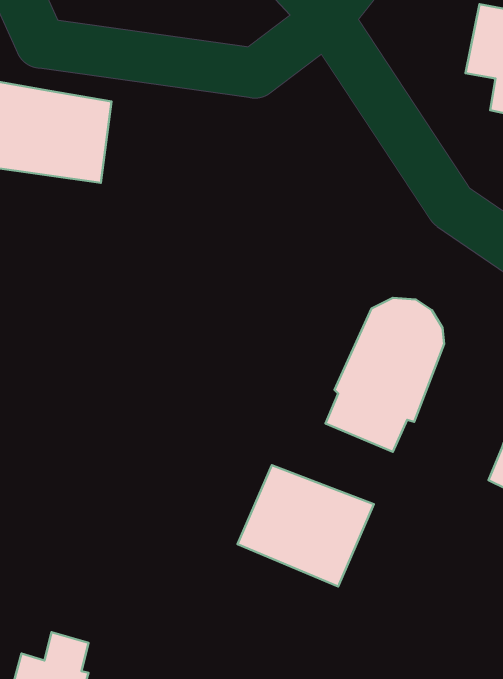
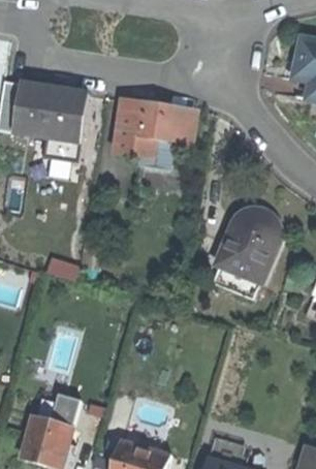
building: none -> [117,98,194,168]
building: [238,465,374,586] -> none

